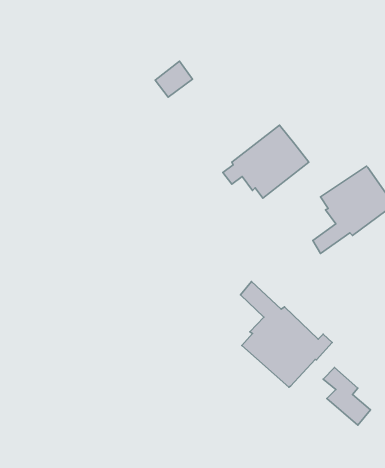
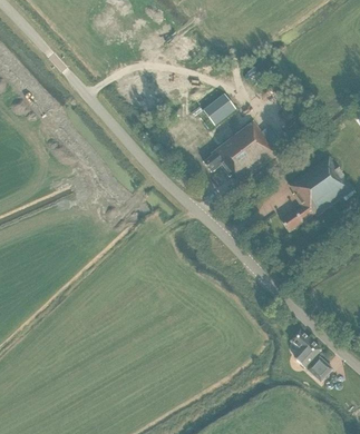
building: [155,61,192,97] -> [203,93,235,125]
building: [241,282,332,387] -> none

